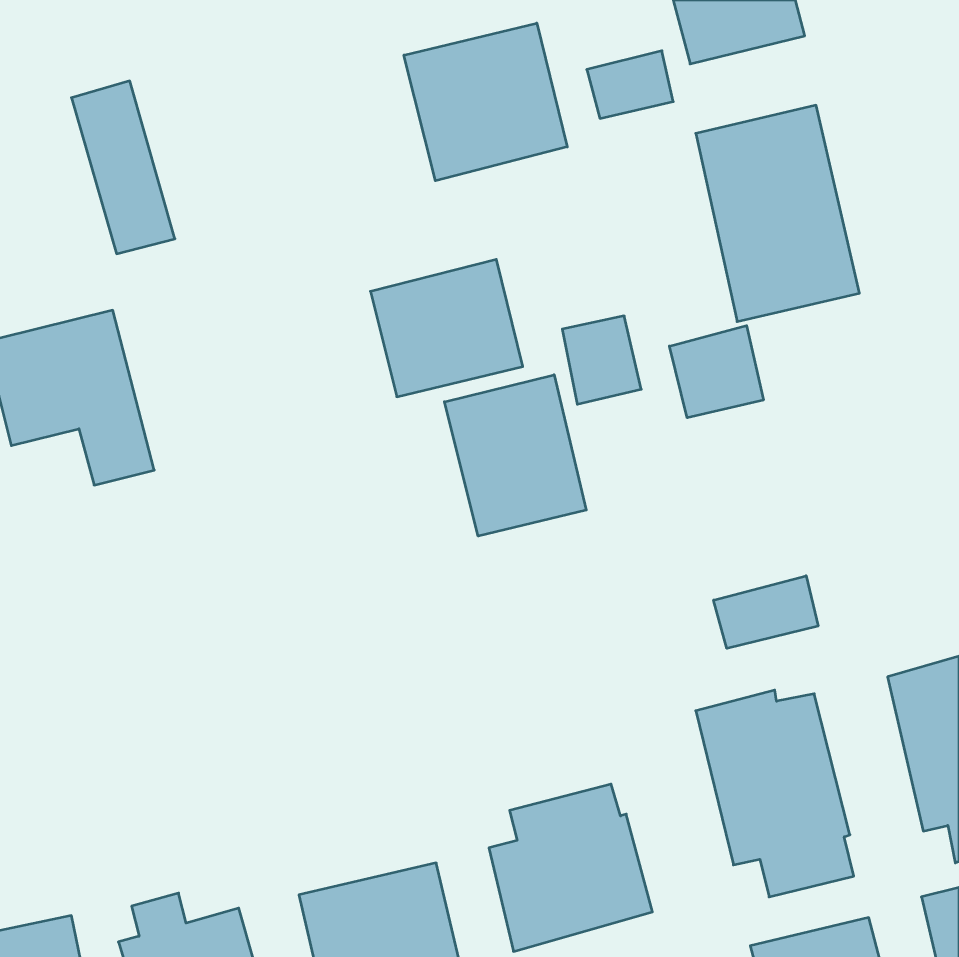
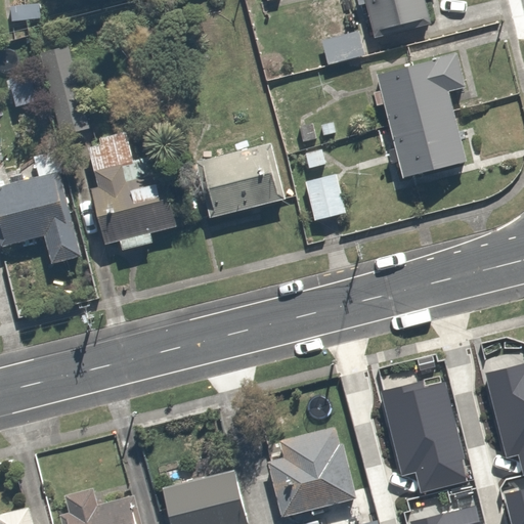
building: [404,23,567,181] -> none
building: none -> [88,129,179,251]
building: [669,326,763,418] -> none
building: [444,375,586,536] -> none
building: [714,576,818,648] -> none

